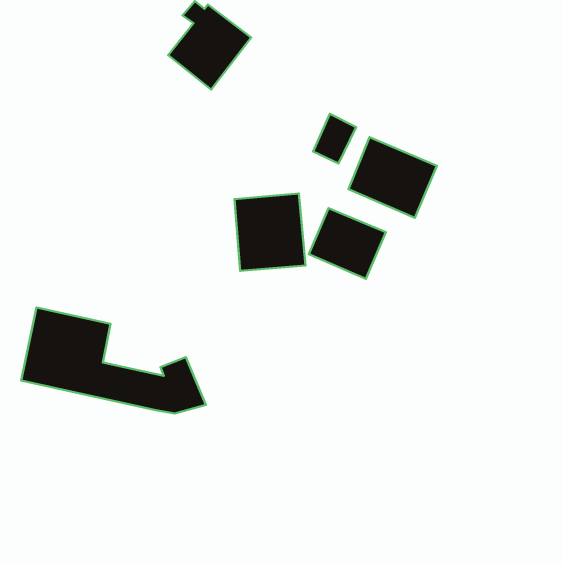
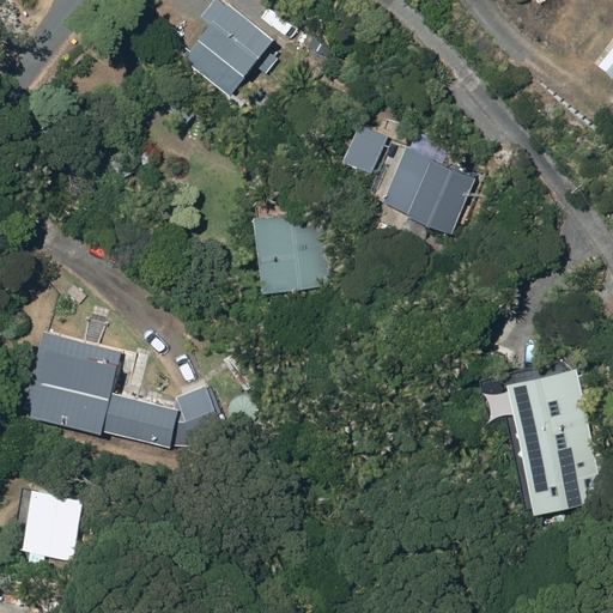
building: [309,208,386,279] -> none
building: none -> [505,370,602,516]
building: none -> [19,494,80,562]

